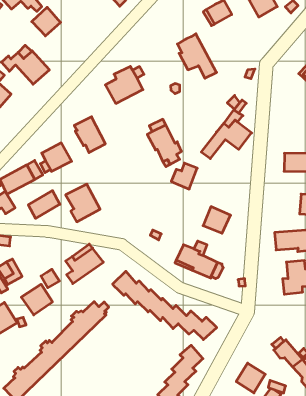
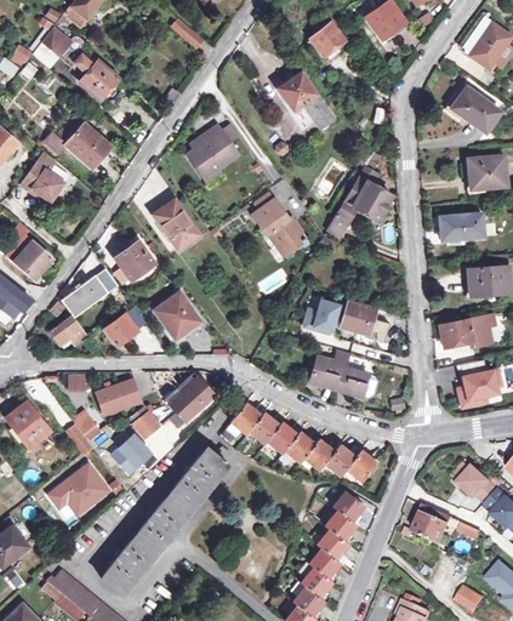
building: [171,163,197,189] -> [304,300,337,334]
building: none -> [95,378,139,414]

